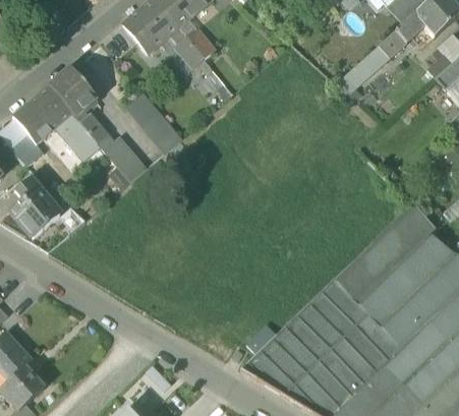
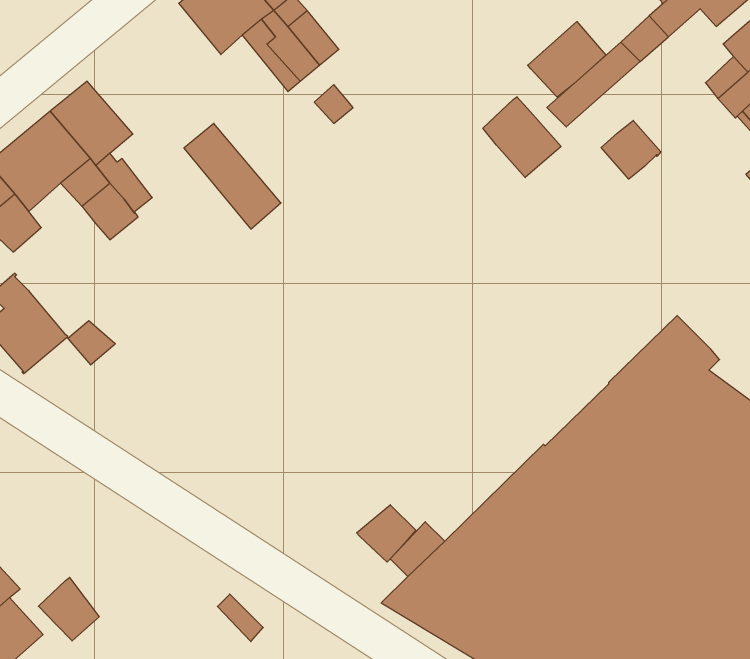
building: none -> [528,22,606,97]
building: none -> [483,97,561,178]
building: none -> [601,120,661,179]
building: [98,134,147,181] -> none
building: none -> [357,505,416,562]
building: none -> [38,577,99,641]

